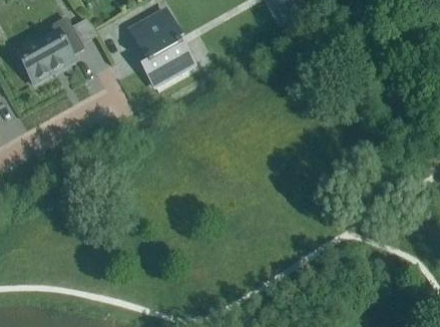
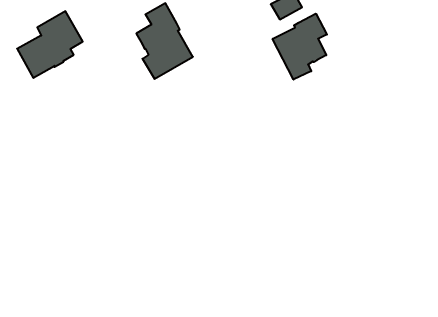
building: none -> [273,14,327,80]

